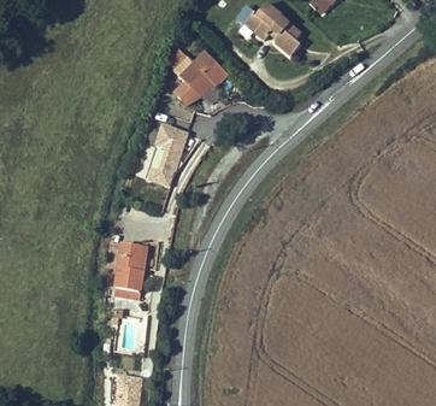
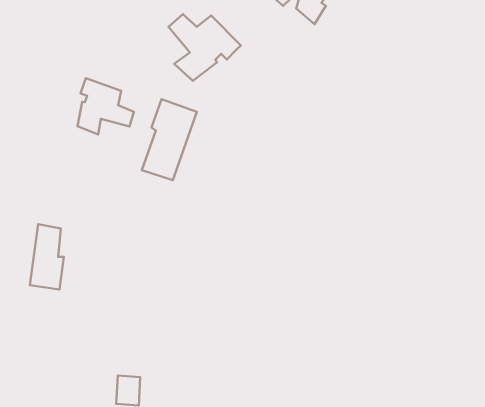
building: none -> [77,78,134,134]
building: [113,243,142,299] -> [30,224,64,289]

